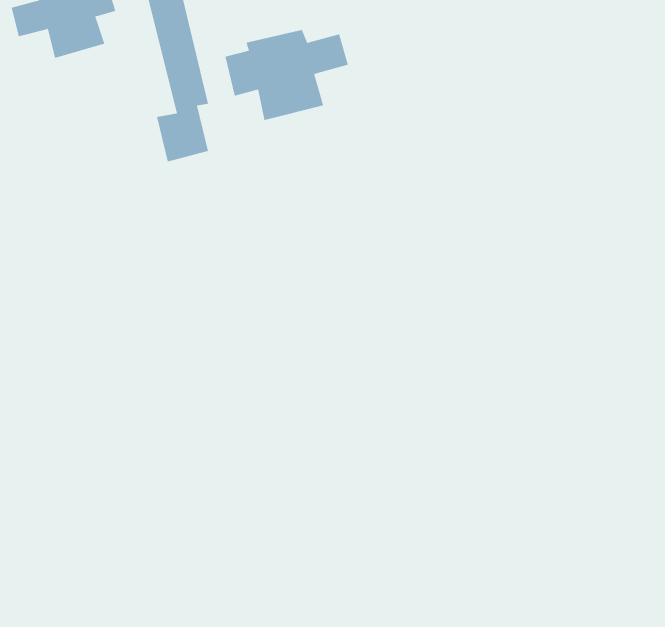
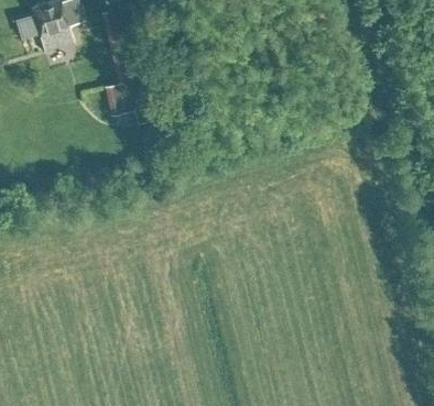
building: [225,29,349,121] -> none

